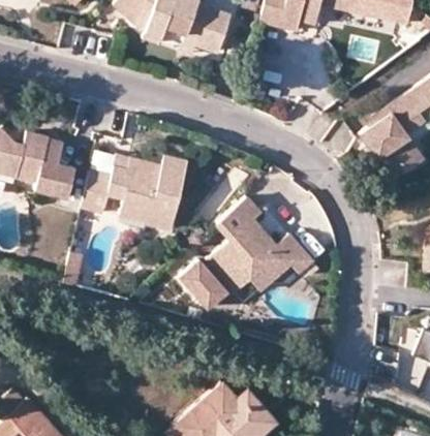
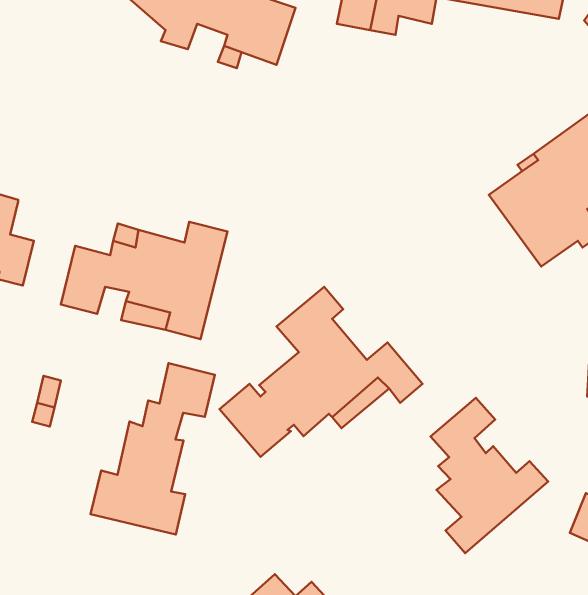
building: [48,141,79,199] -> none
building: none -> [91,363,215,535]
building: none -> [430,398,548,553]

